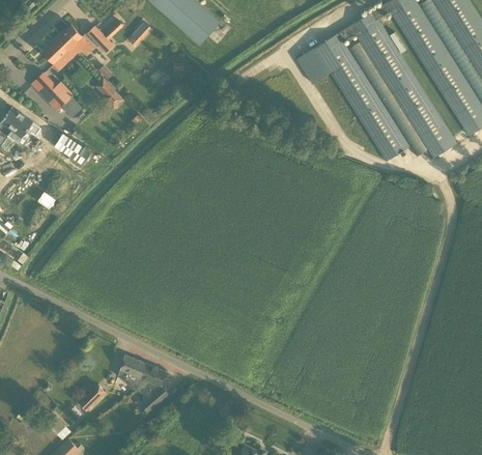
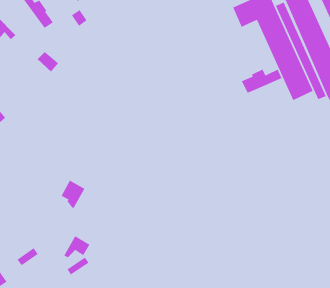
building: none -> [241,68,282,94]
building: [116,356,145,391] -> [60,180,85,209]

